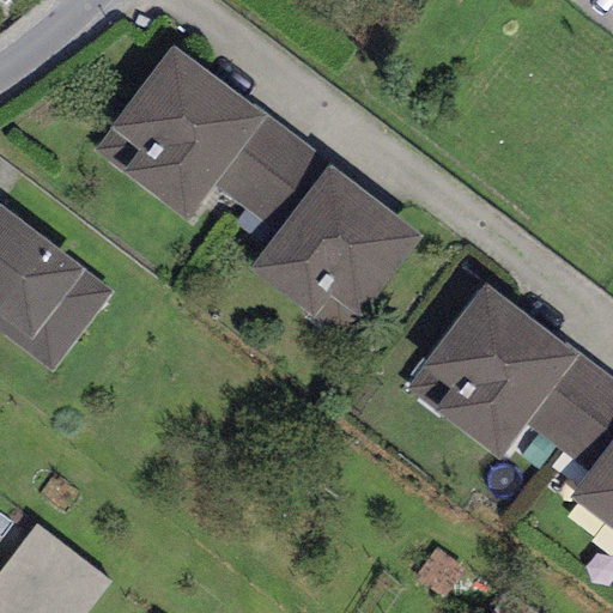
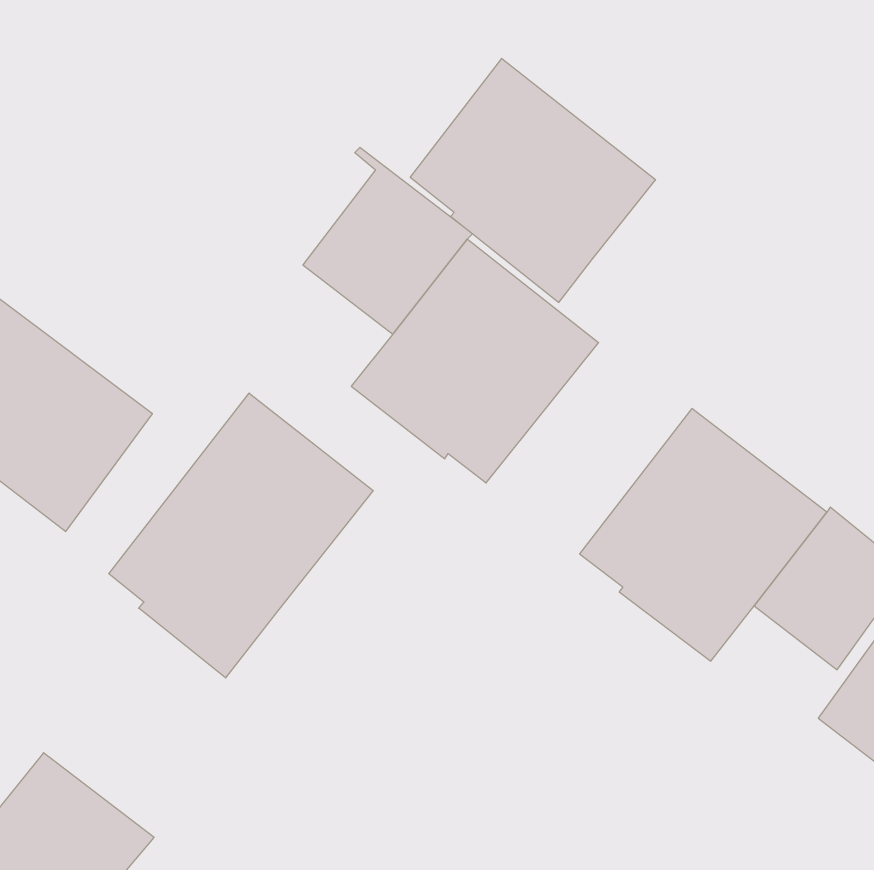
building: none -> [410,58,655,302]
building: [95,45,266,223] -> none
building: none -> [109,393,373,678]

